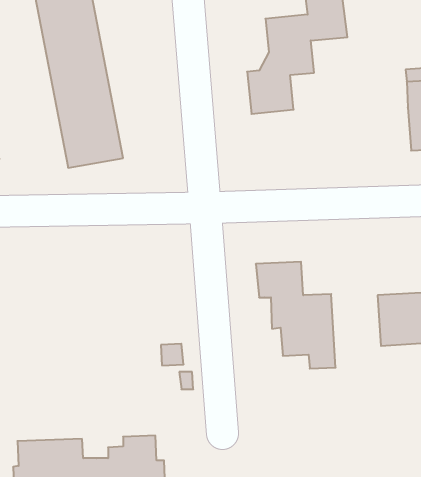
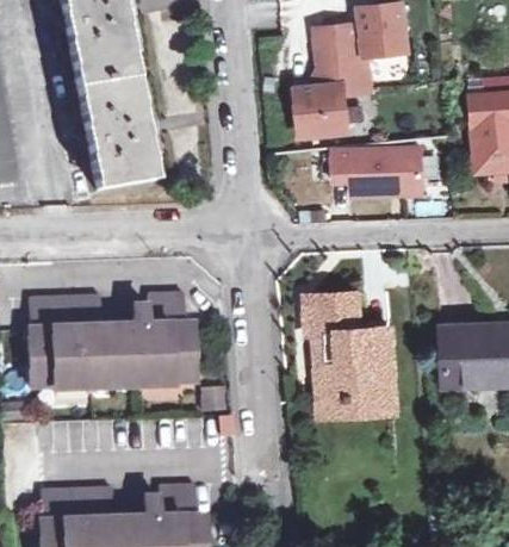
building: none -> [333,148,424,197]
building: none -> [29,294,194,389]
building: none -> [316,334,366,417]

